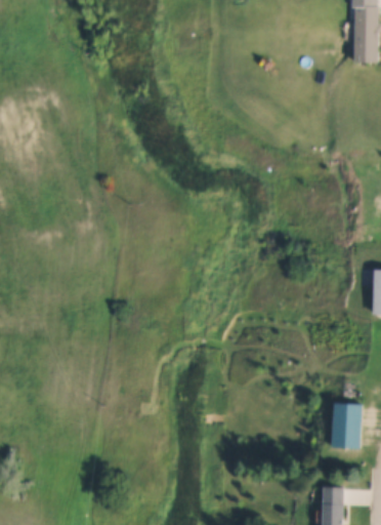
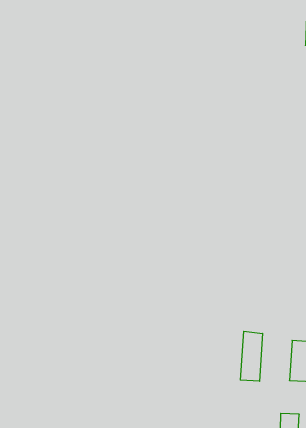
building: none -> [240,331,263,381]

